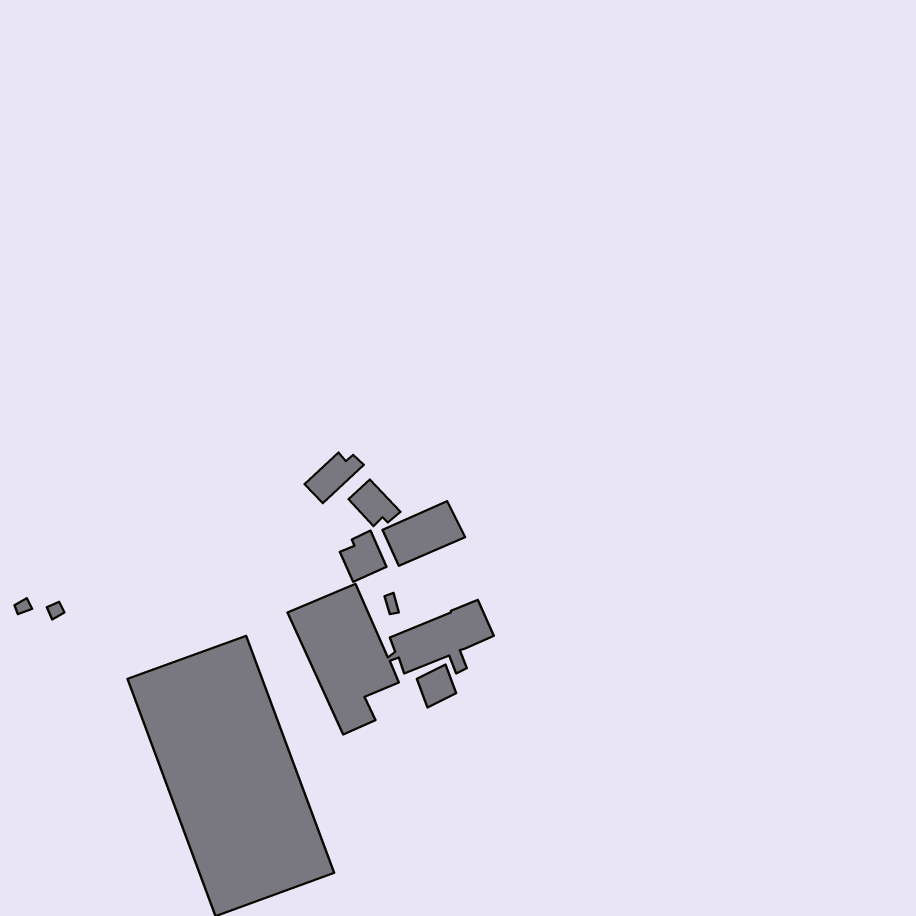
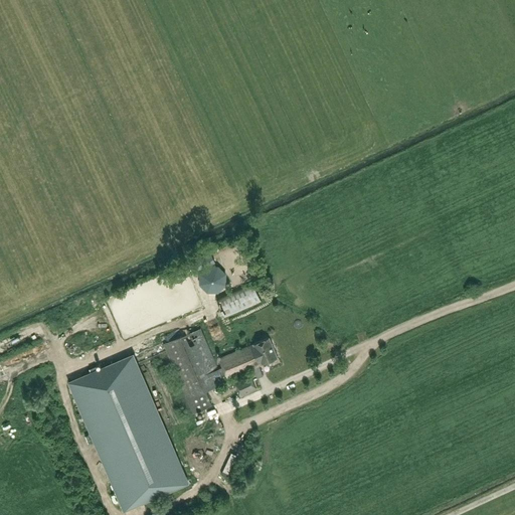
building: [305,452,364,503] -> none
building: [340,530,386,582] -> none

